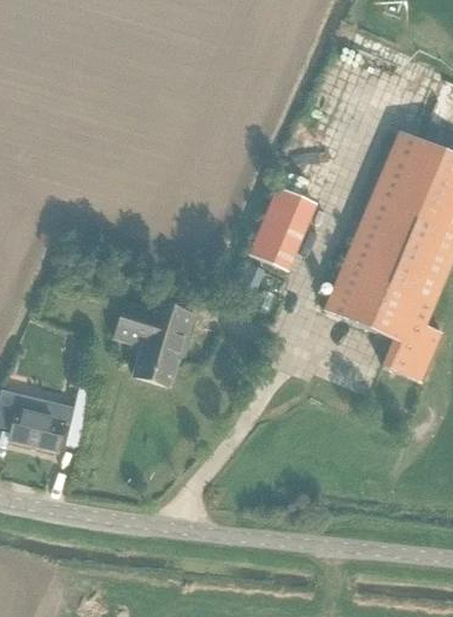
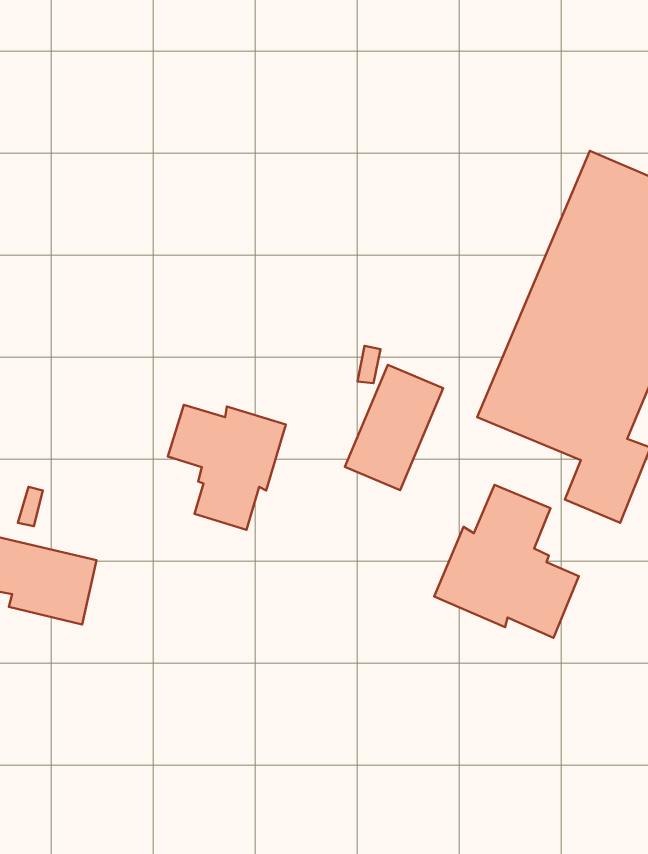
building: [249,186,316,270] -> [345,365,443,490]
building: none -> [434,485,579,638]

